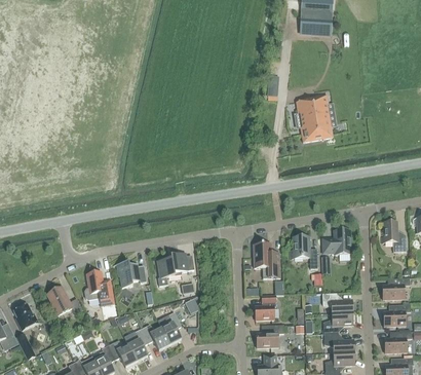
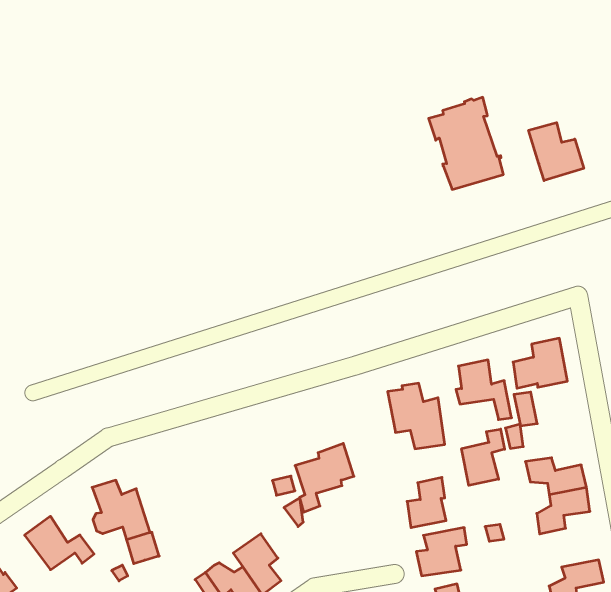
building: none -> [529,123,584,181]
building: [157,252,188,286] -> [295,443,354,512]
building: [116,261,146,287] -> none
building: none -> [462,429,505,485]
building: [323,332,353,352] -> none

